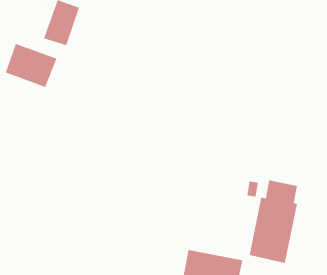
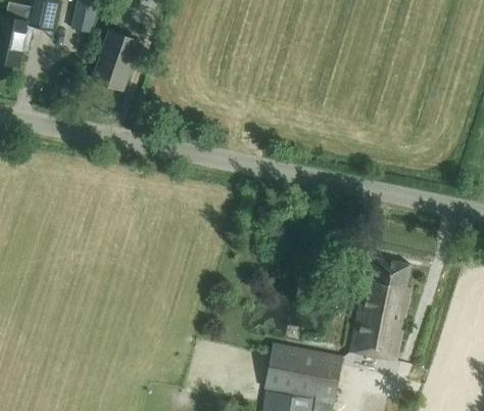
building: [5,43,57,88] -> none

